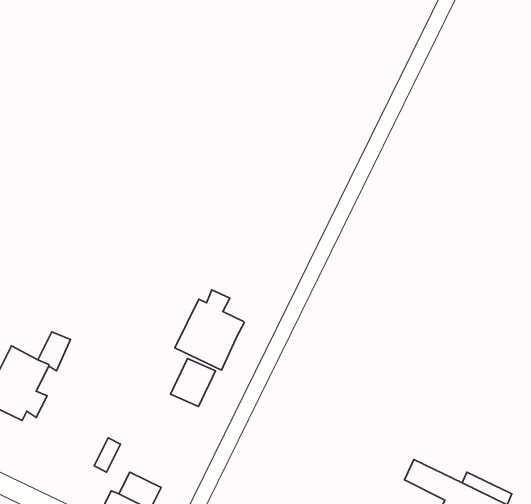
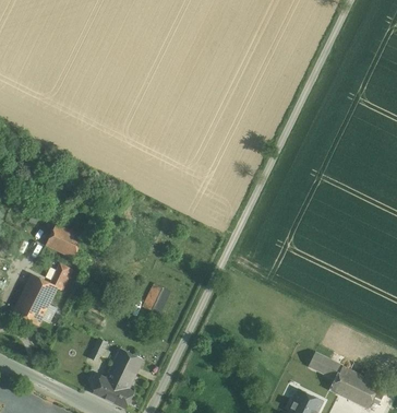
building: none -> [46,222,84,258]
building: [175,290,244,370] -> none
building: none -> [115,346,144,373]

